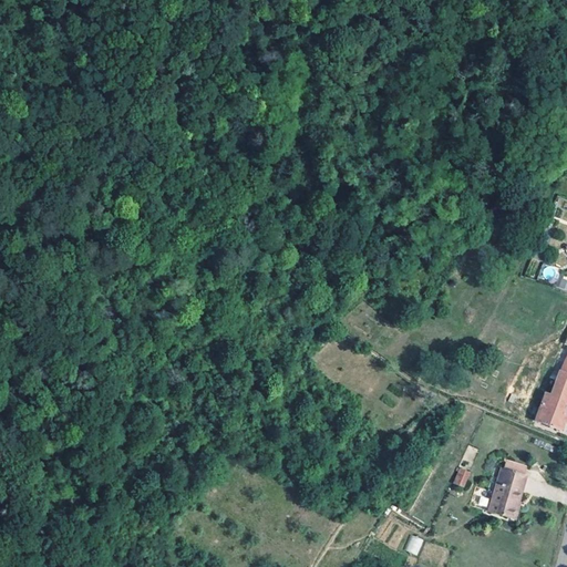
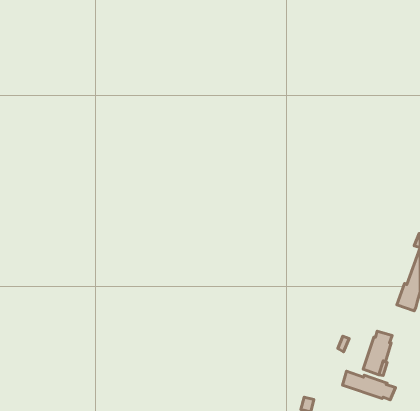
building: none -> [342,371,395,400]

